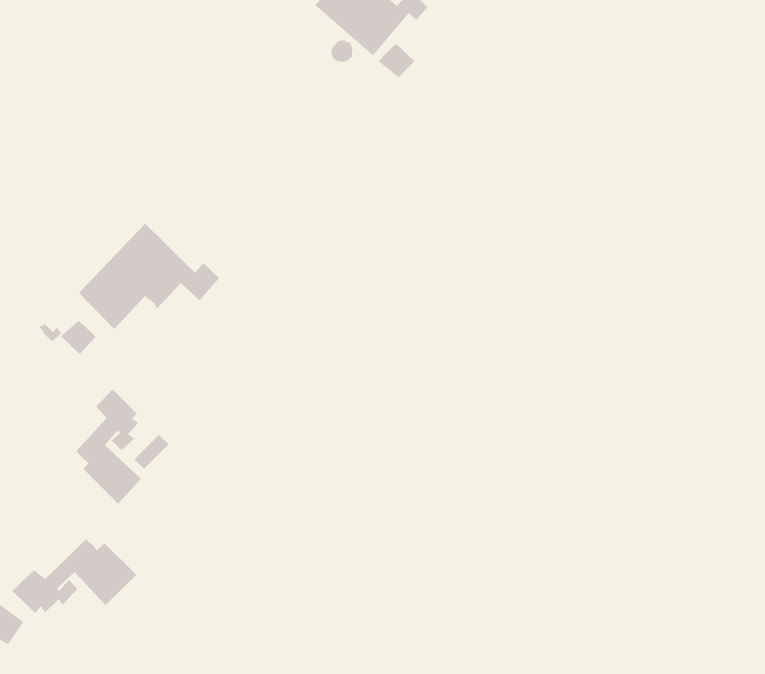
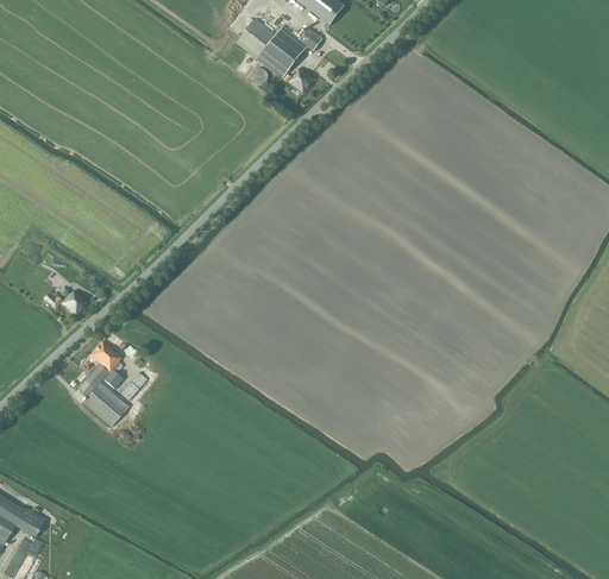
building: [78,223,220,330] -> none
building: [12,539,137,614] -> none

